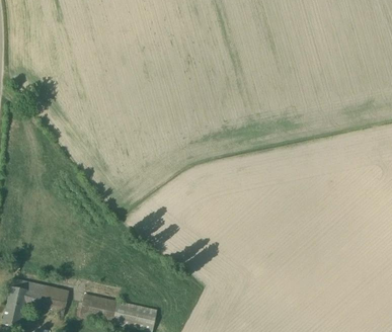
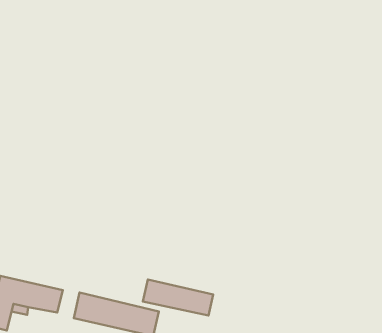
building: none -> [143,280,213,316]

